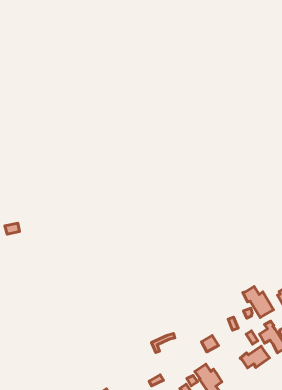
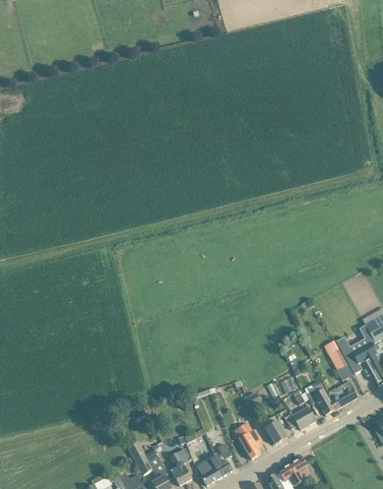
building: [243,286,273,317] -> none
building: none -> [261,415,288,443]

